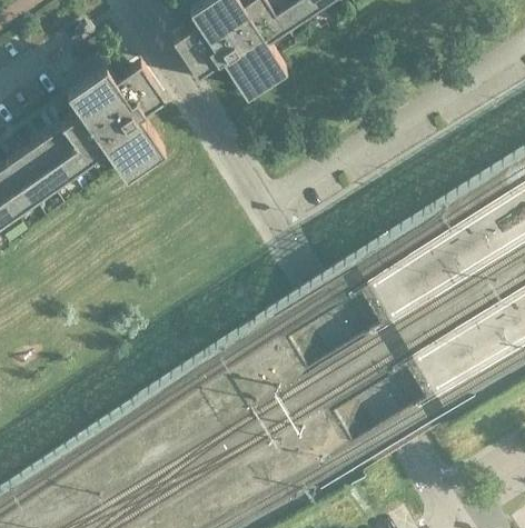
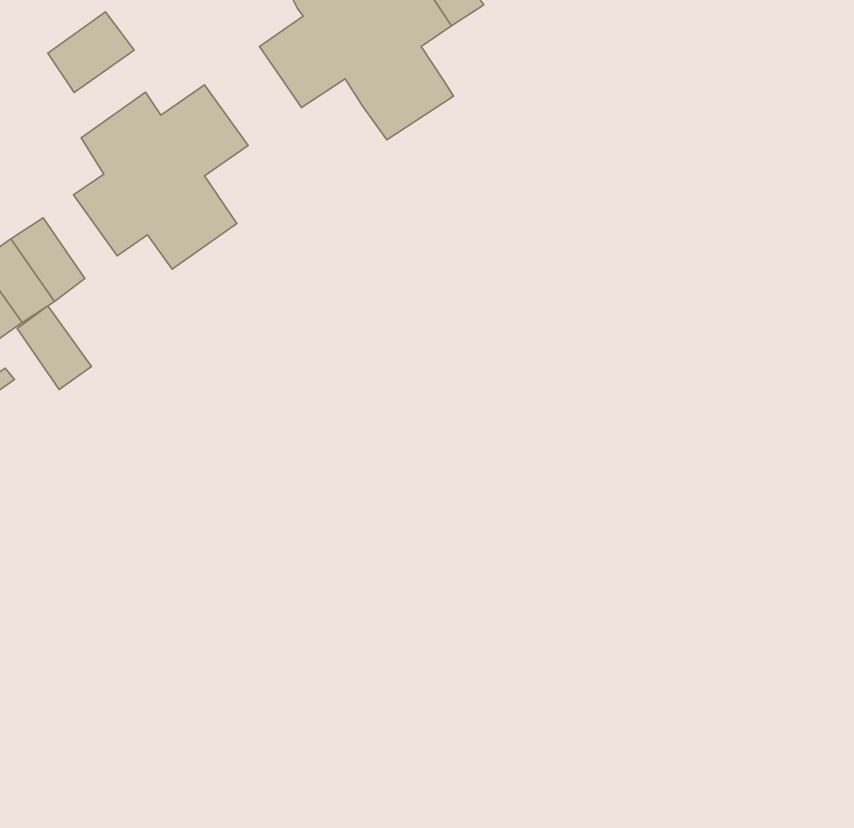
building: none -> [48,12,134,93]
building: [44,131,88,180] -> [17,306,91,389]

